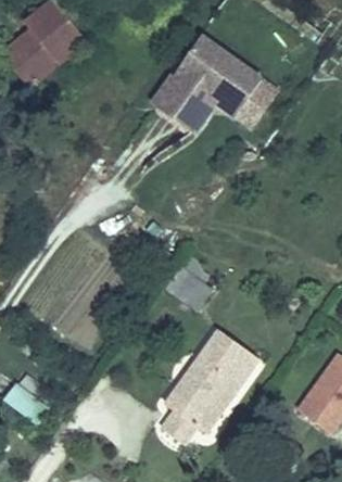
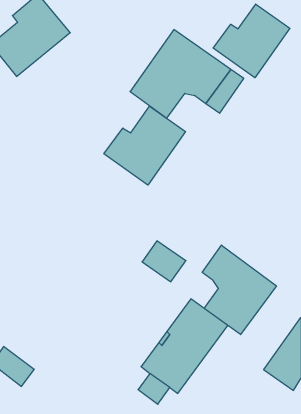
building: none -> [213,4,290,78]
building: none -> [104,106,185,185]
building: none -> [202,245,276,335]

